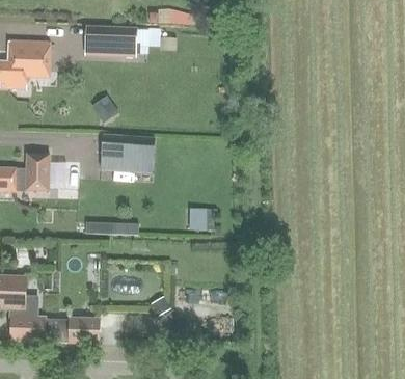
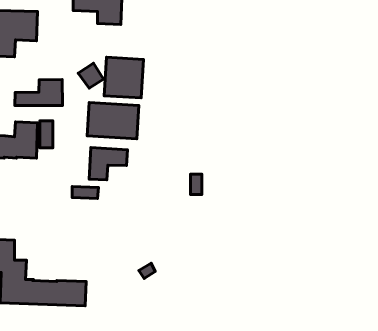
building: none -> [104,57,143,98]
building: none -> [15,79,63,106]
building: none -> [89,147,128,180]

